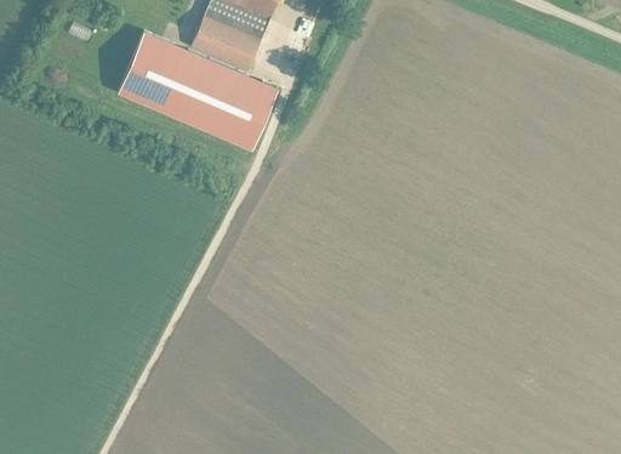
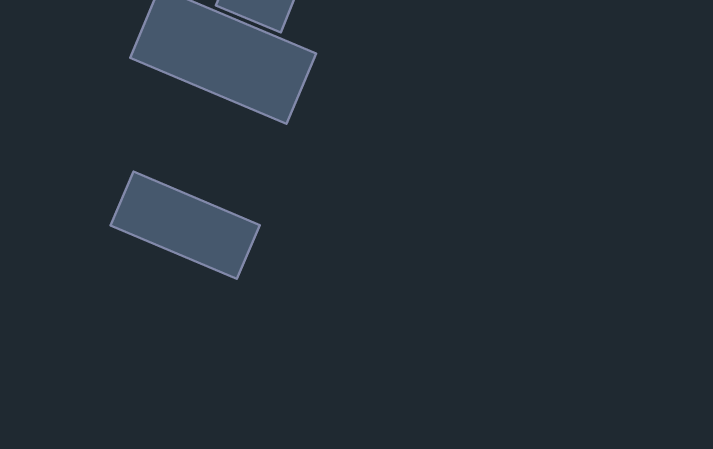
building: none -> [110,172,260,279]

